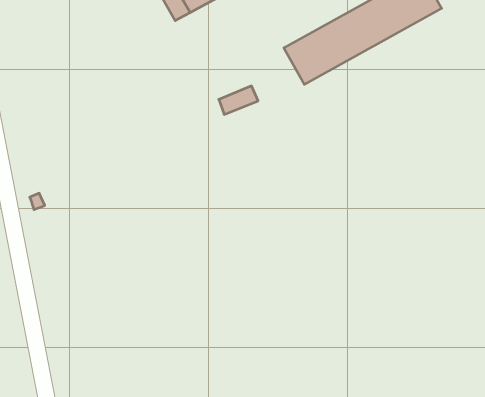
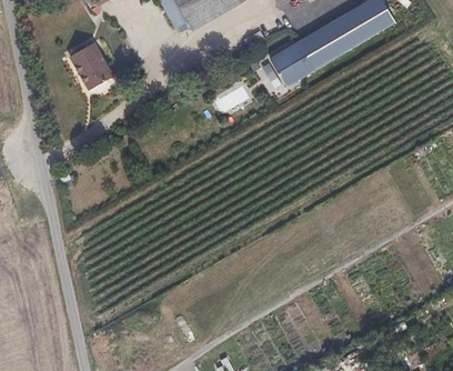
building: none -> [69,41,111,88]

